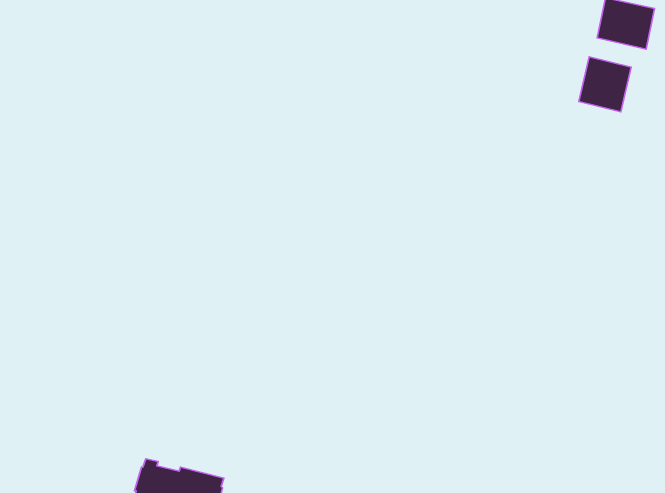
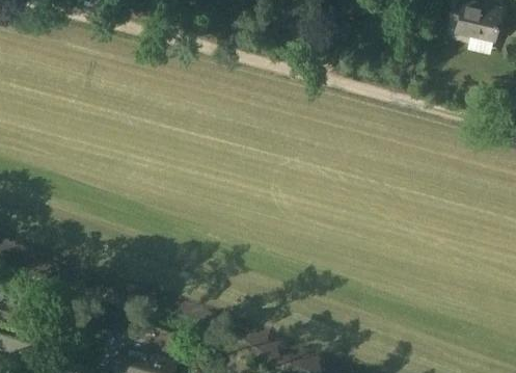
building: [579,57,631,112] -> none

